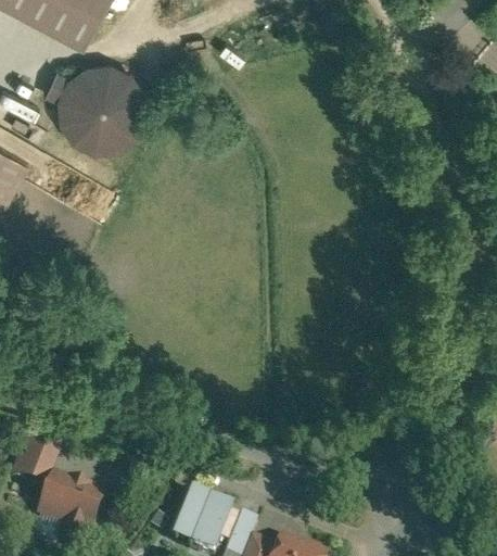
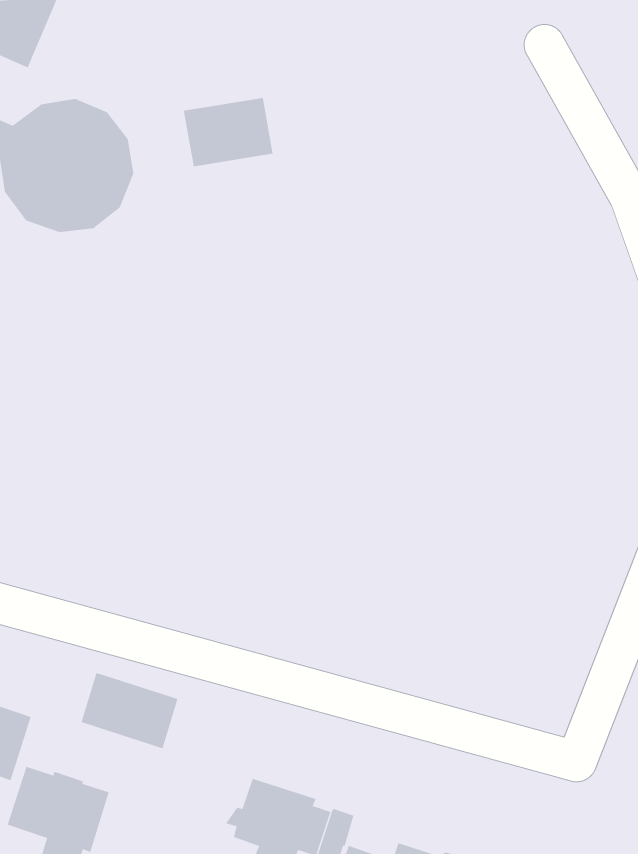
building: none -> [183,97,273,167]
building: none -> [81,672,178,749]

